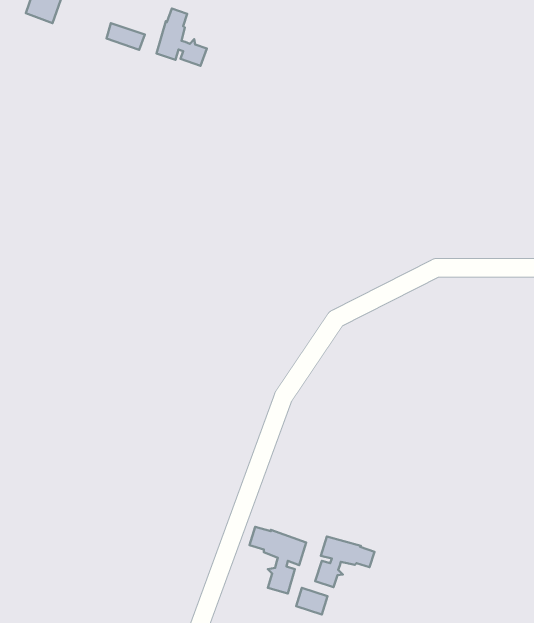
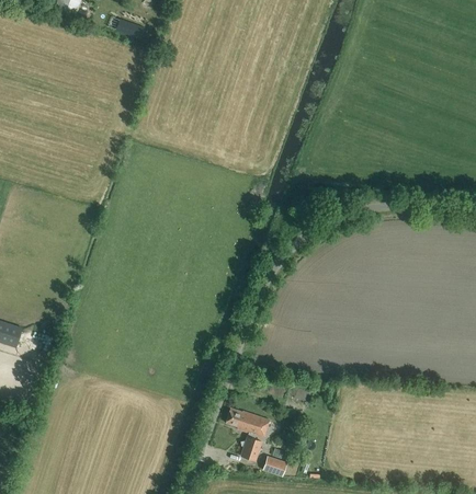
building: [157,9,207,66] -> none
building: [315,537,375,587] -> none

